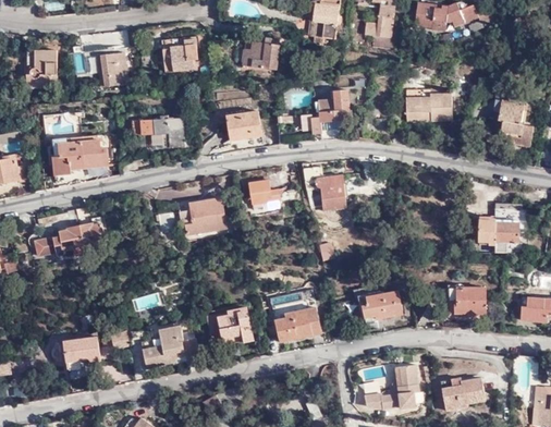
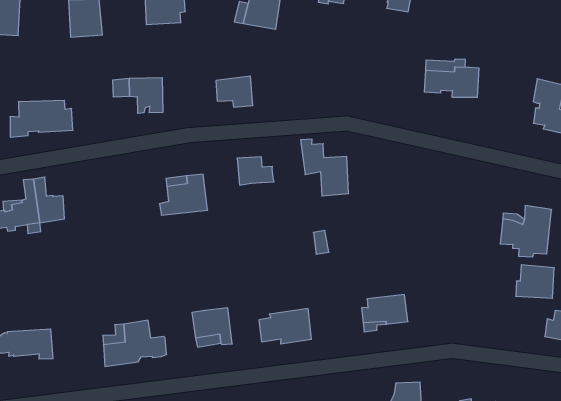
building: [311,90,350,133] -> none
building: [453,286,485,314] -> [516,265,554,298]

